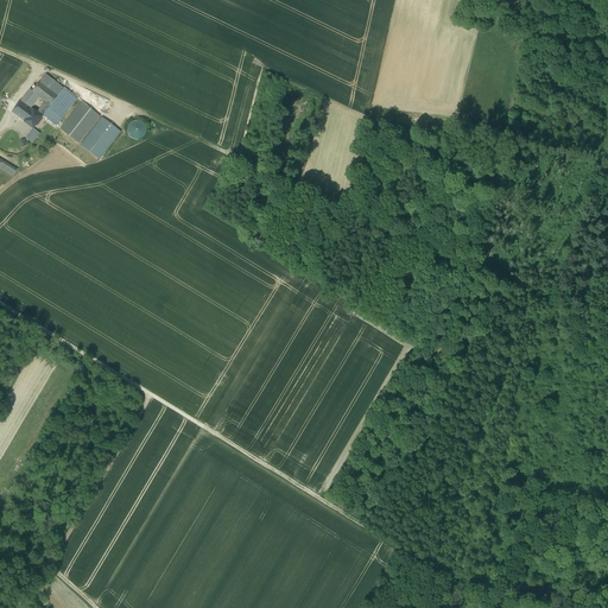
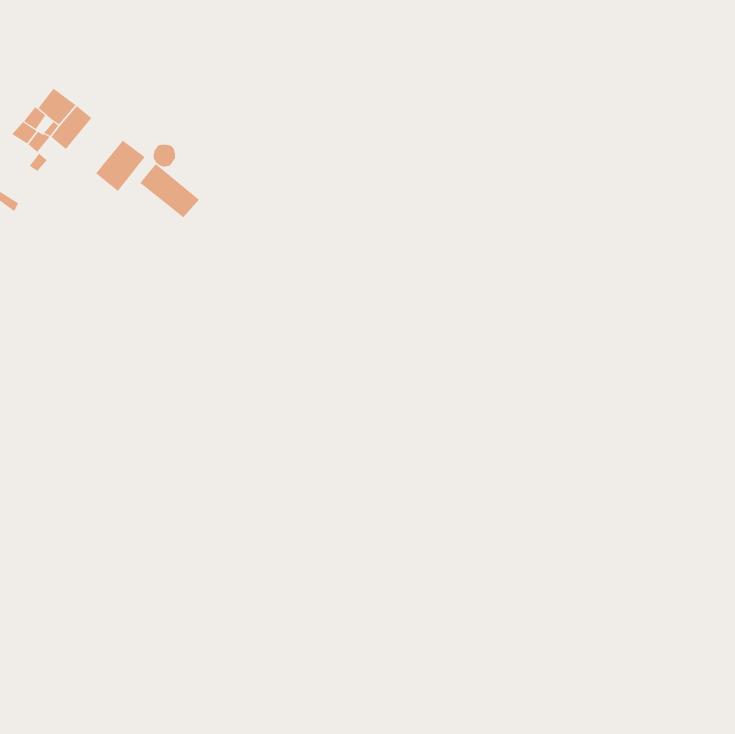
building: [58,100,99,141] -> none
building: none -> [140,163,200,218]

